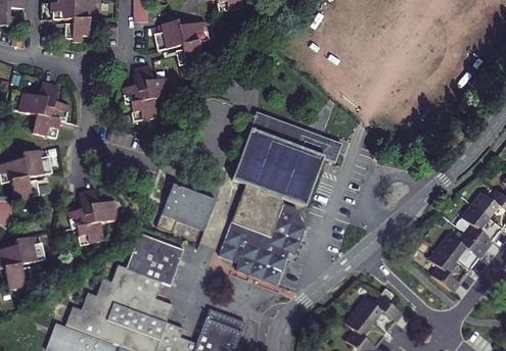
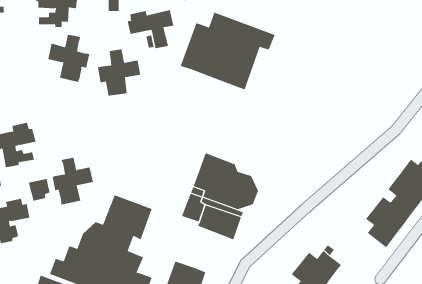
building: [18,82,67,137] -> [47,34,90,82]
building: [231,117,340,207] -> [180,12,275,90]
building: [155,181,216,230] -> none
building: none -> [28,178,50,201]

